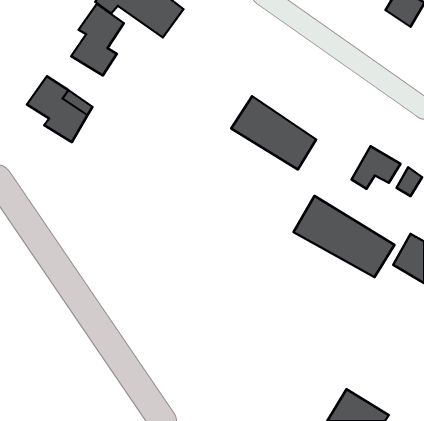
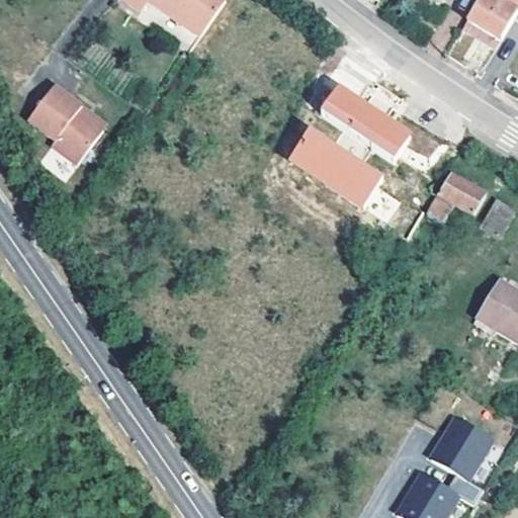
building: [71,4,124,75] -> none
building: none -> [315,72,416,153]
building: [293,196,395,277] -> none
building: none -> [429,416,492,503]

